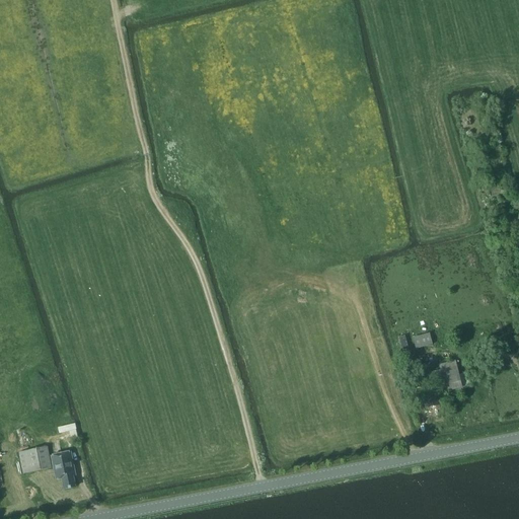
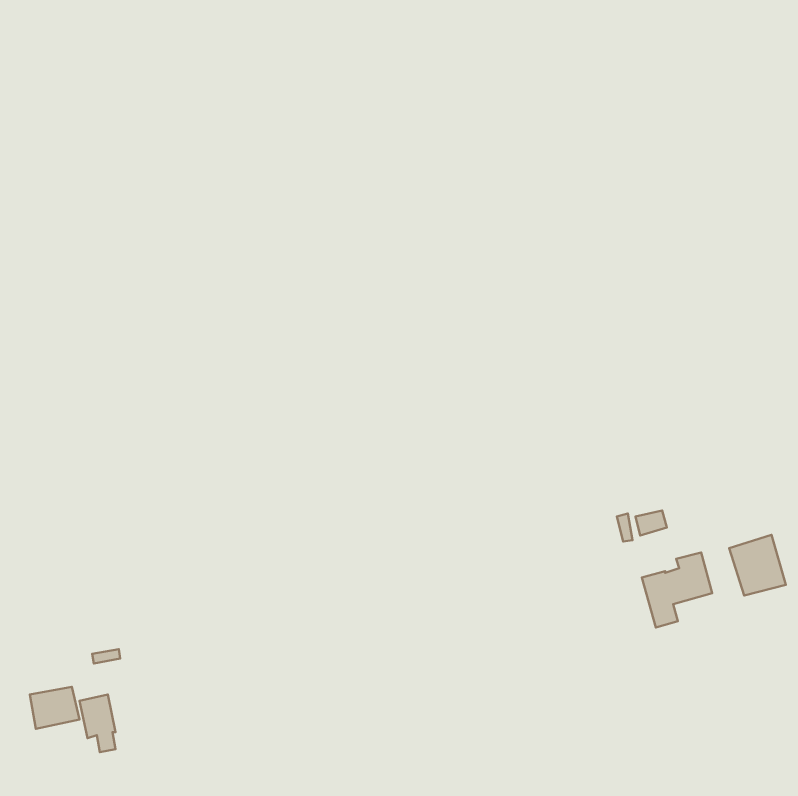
building: none -> [729,535,786,596]

